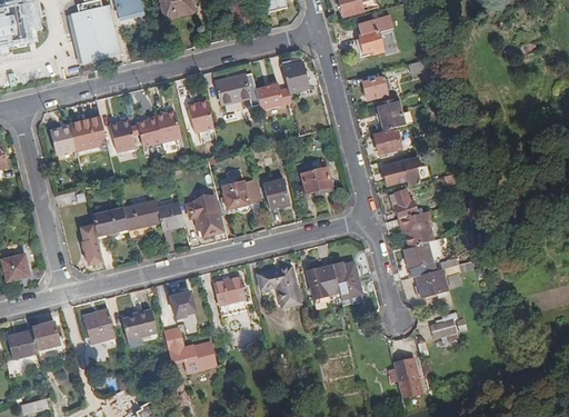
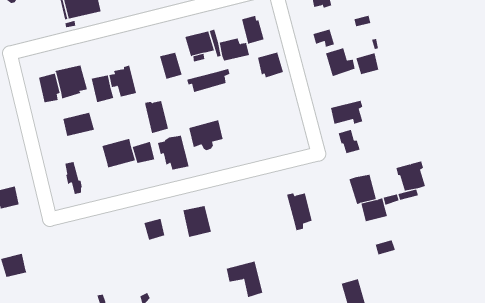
building: [153,111,181,149] -> [144,101,169,134]
building: none -> [187,68,230,93]
building: [373,127,400,152] -> [356,52,379,75]
building: [300,166,330,196] -> [257,52,284,78]
building: [260,178,287,209] -> none
building: [90,208,127,236] -> [63,112,95,137]
building: [399,209,433,244] -> [396,161,426,191]
building: [257,264,299,306] -> [226,261,263,298]
building: [307,264,339,298] -> none
building: [82,307,114,341] -> none
building: [122,309,157,339] -> none
building: [30,321,58,349] -> none
building: [164,326,217,370] -> none

